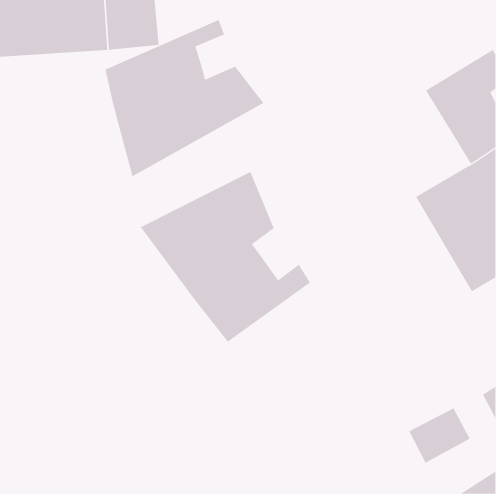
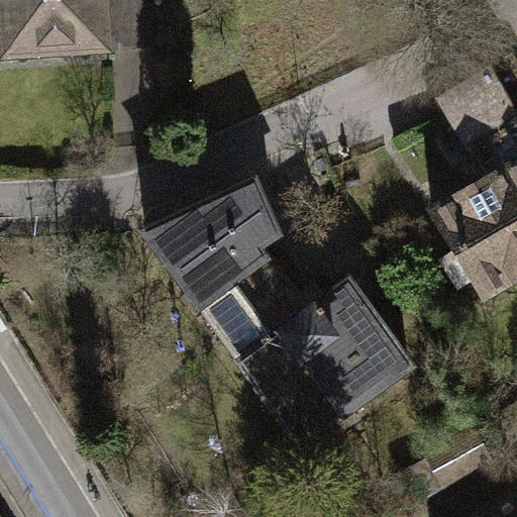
building: [105,19,264,177] -> none
building: none -> [233,270,416,447]

